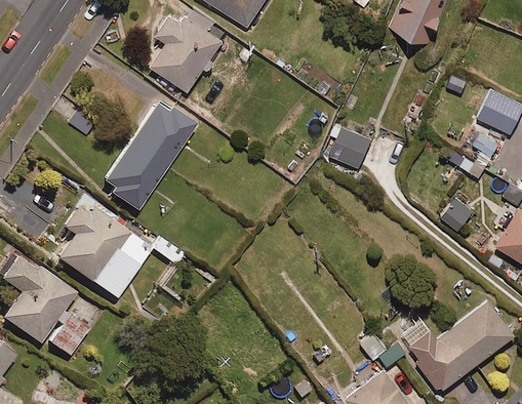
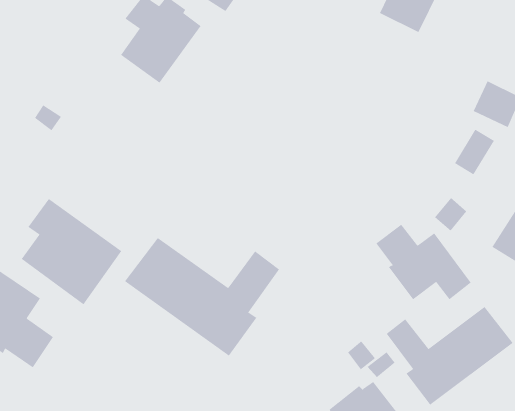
building: [103,98,196,210] -> none
building: [329,126,371,167] -> none
building: none -> [375,224,472,300]
building: none -> [124,237,280,357]

